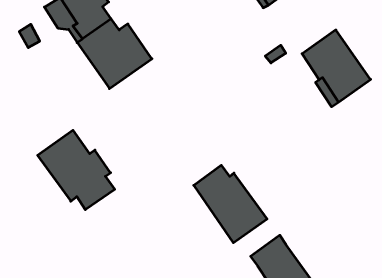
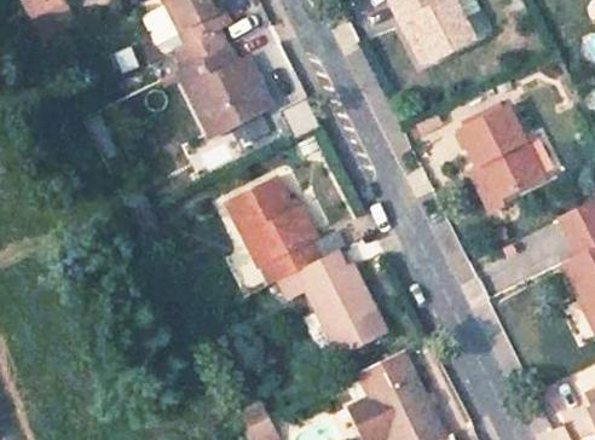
building: [38,130,115,210] -> [230,181,322,284]

